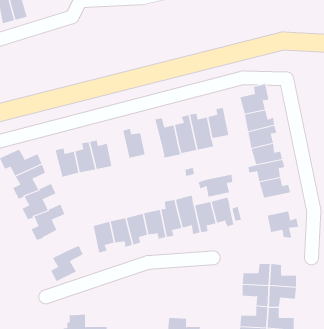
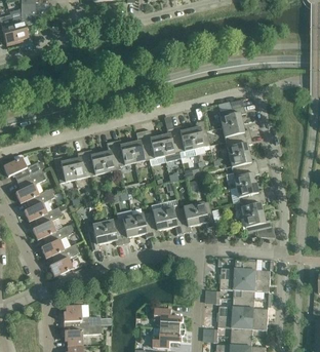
building: none -> [130,130,150,162]
building: none -> [101,141,120,172]
building: [198,174,233,197] -> [234,196,266,217]
building: none -> [41,223,74,258]

